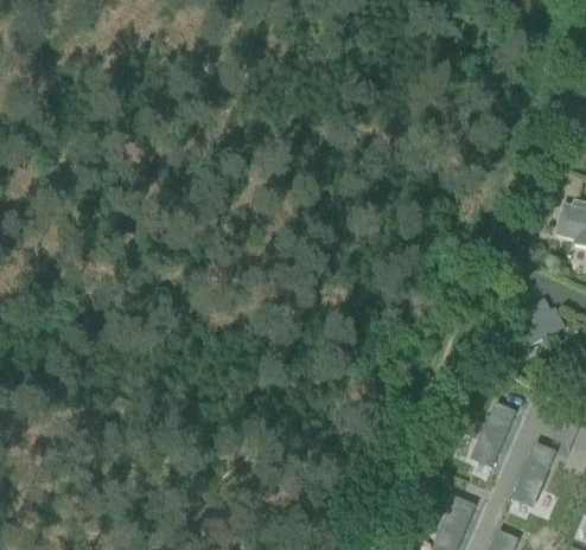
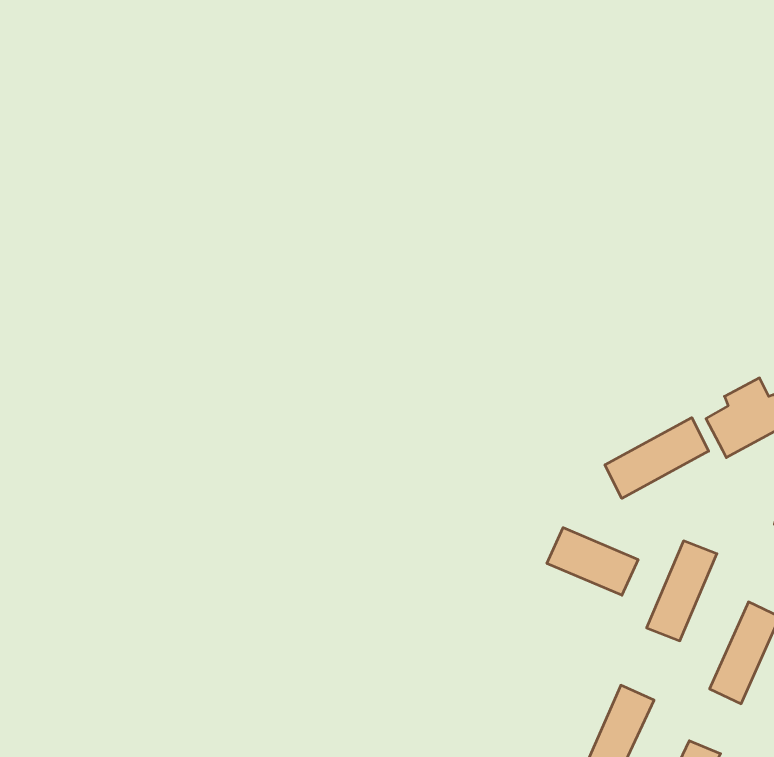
building: none -> [605,418,709,498]
building: none -> [547,528,638,595]

